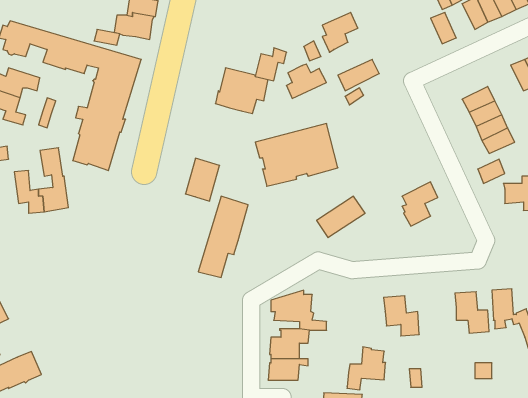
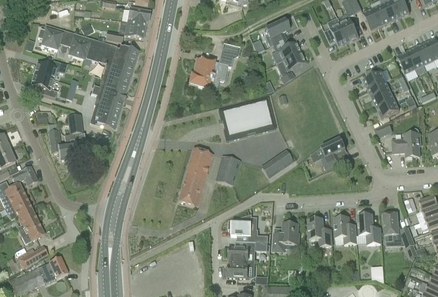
building: none -> [323,17,348,46]
building: [286,64,326,98] -> [271,39,299,63]
building: [185,158,220,201] -> [215,155,239,185]
building: none -> [333,217,357,244]
building: [347,347,386,390] -> [272,221,299,251]

